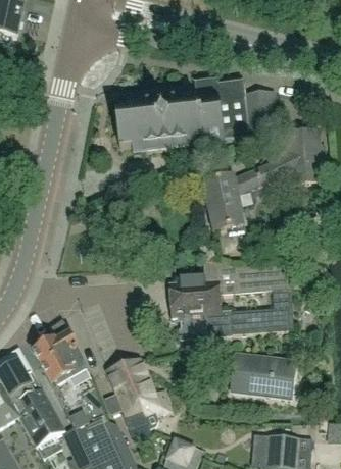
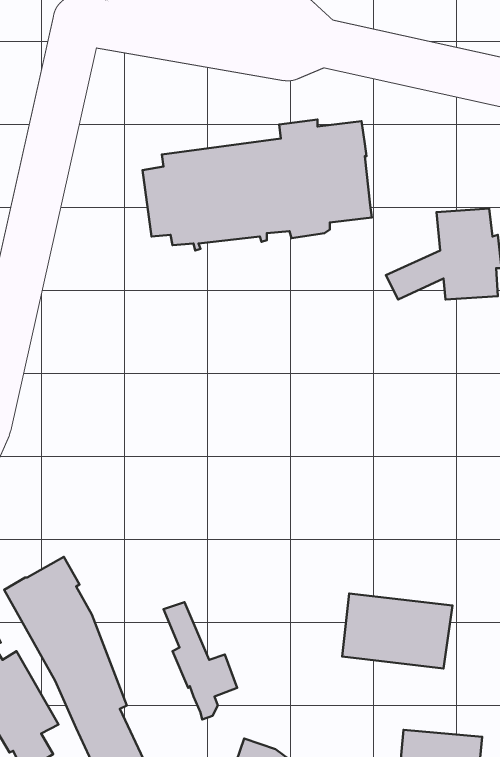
building: [244,89,275,126] -> none
building: [202,167,263,232] -> none
building: [168,255,293,336] -> none
building: [104,362,148,428] -> none

